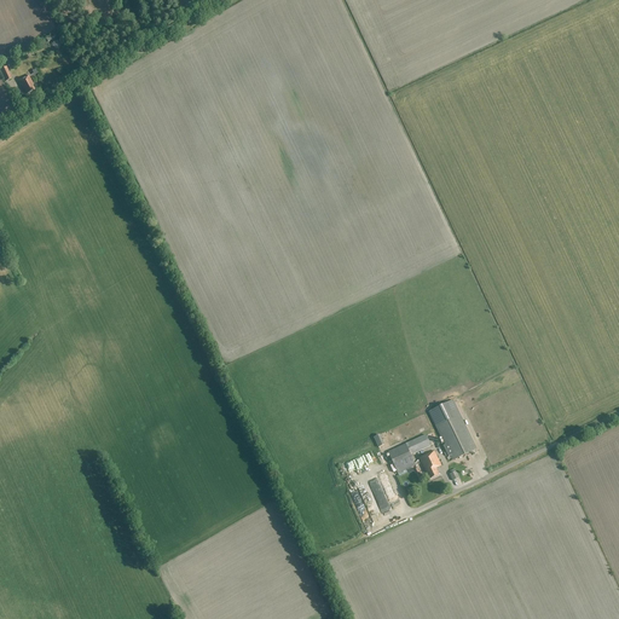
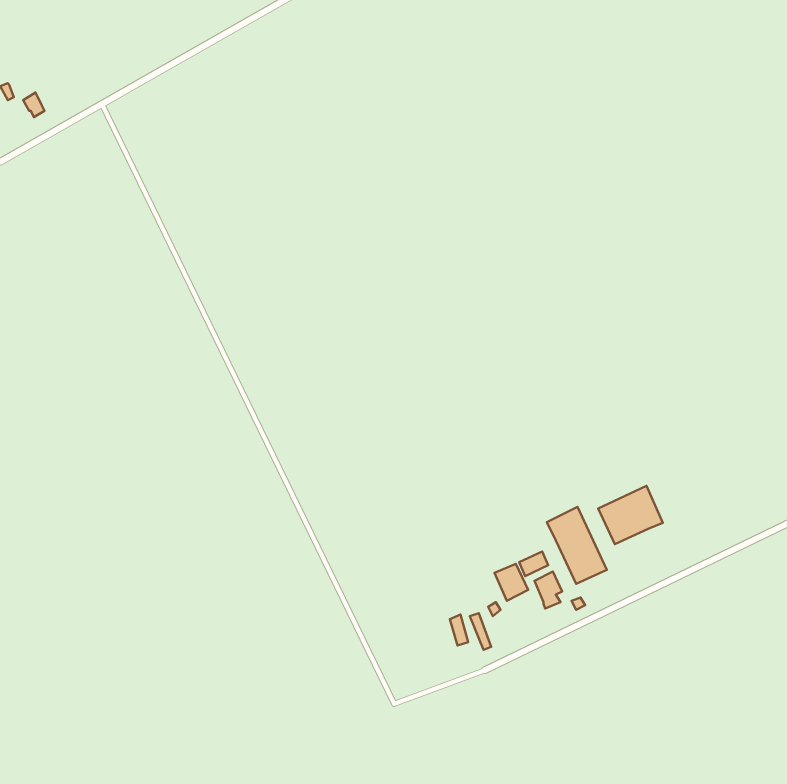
building: none -> [598,486,663,544]

